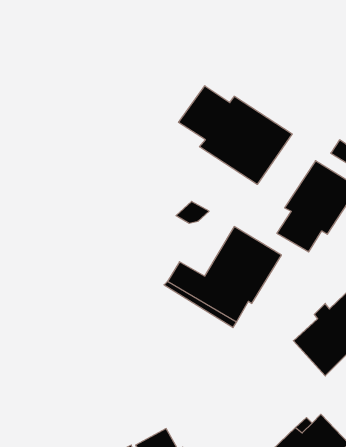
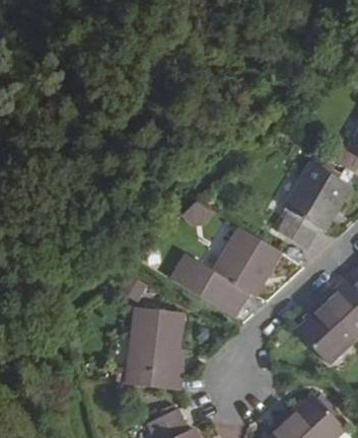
building: [179,86,292,184] -> none
building: none -> [128,308,186,390]

